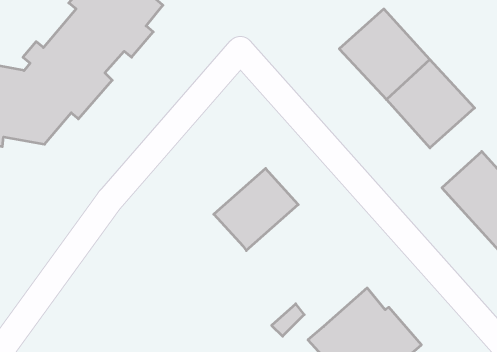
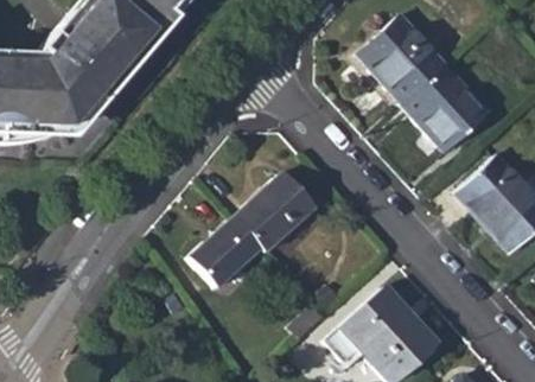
building: none -> [187,215,260,286]

